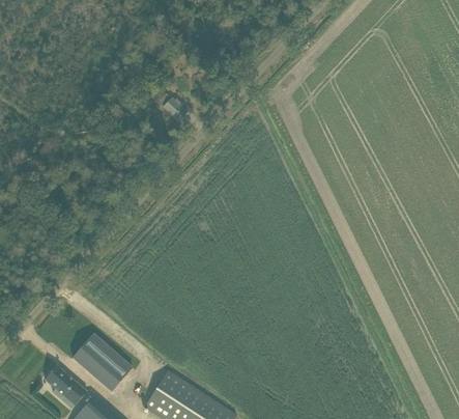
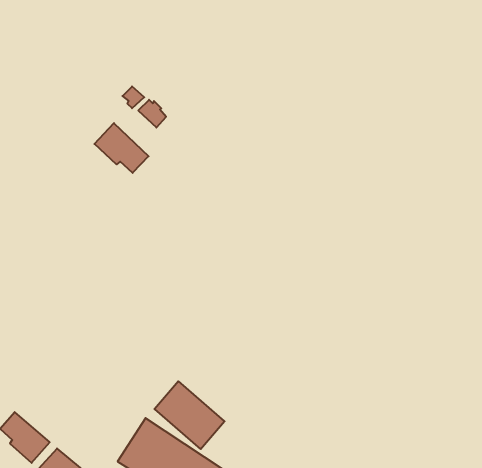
building: none -> [94,123,149,173]
building: [77,336,137,394] -> [154,381,225,449]

